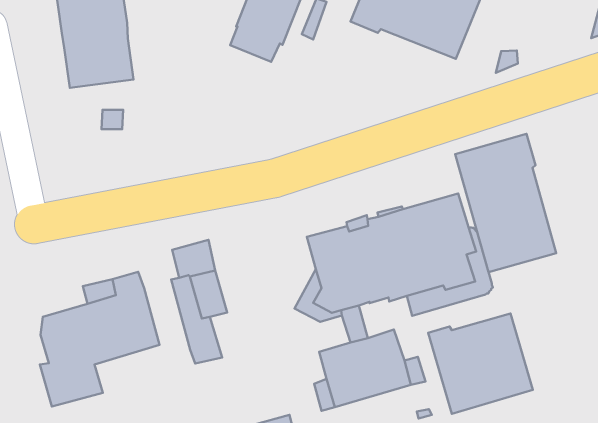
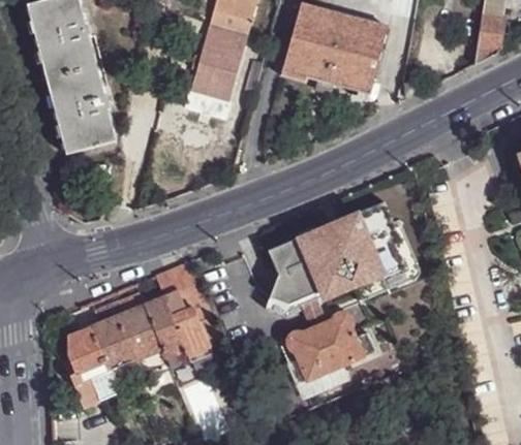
building: [455,134,556,272] -> none
building: none -> [144,295,186,357]
building: [428,314,533,414] -> none

